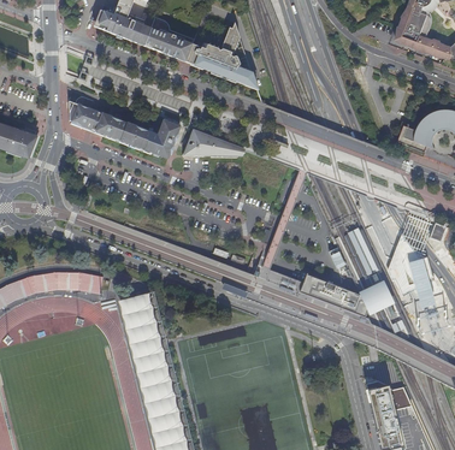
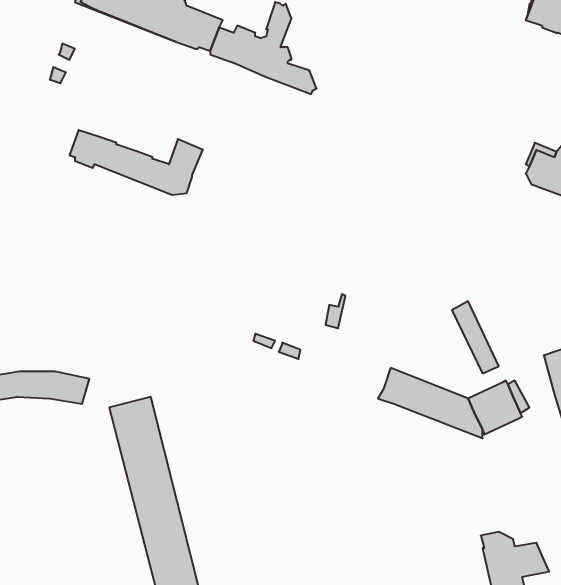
building: [69,101,98,129] -> none
building: [182,129,244,155] -> none

